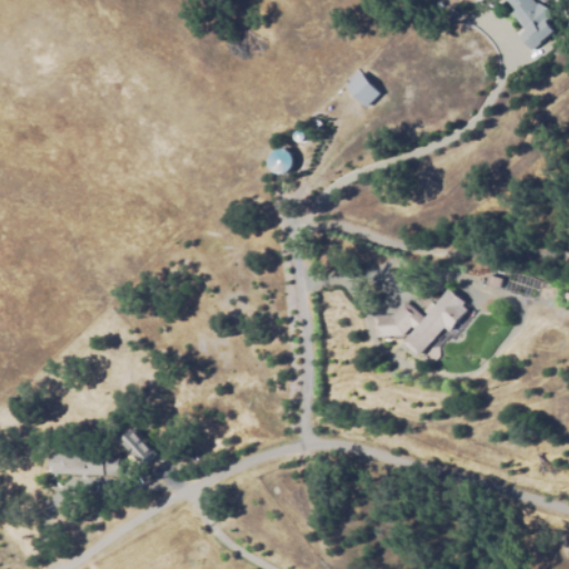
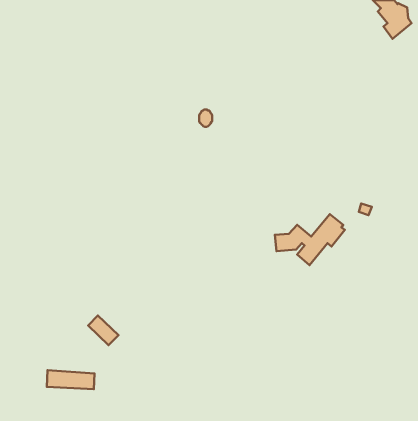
building: [345,73,379,108] -> none
building: [52,447,117,472] -> [47,370,95,389]

